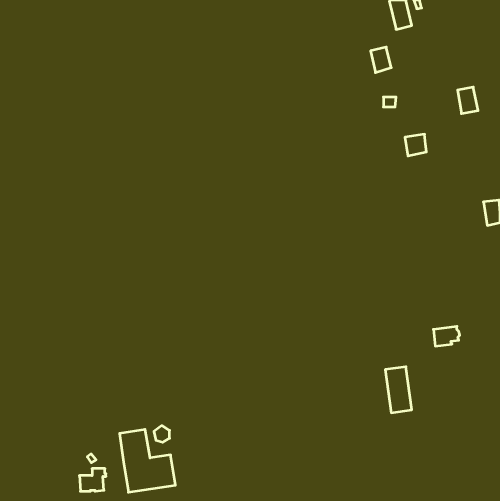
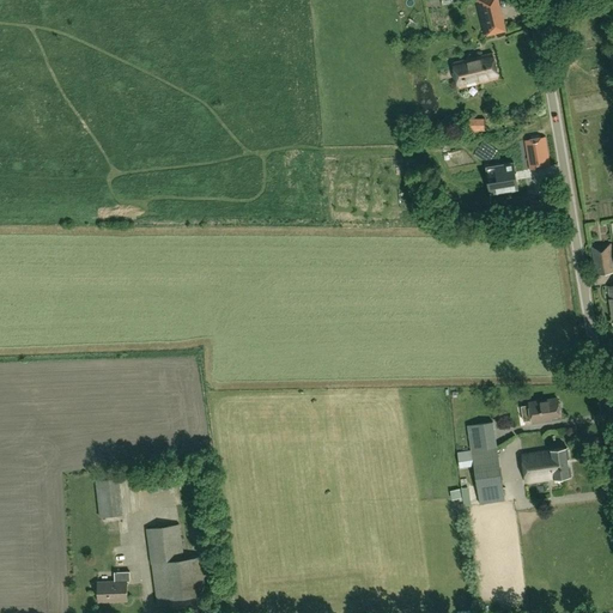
building: none -> [472,53,498,83]
building: [458,87,478,114] -> [524,138,550,170]
building: none -> [477,423,498,447]
building: none -> [521,448,571,482]
building: none -> [95,479,122,517]

